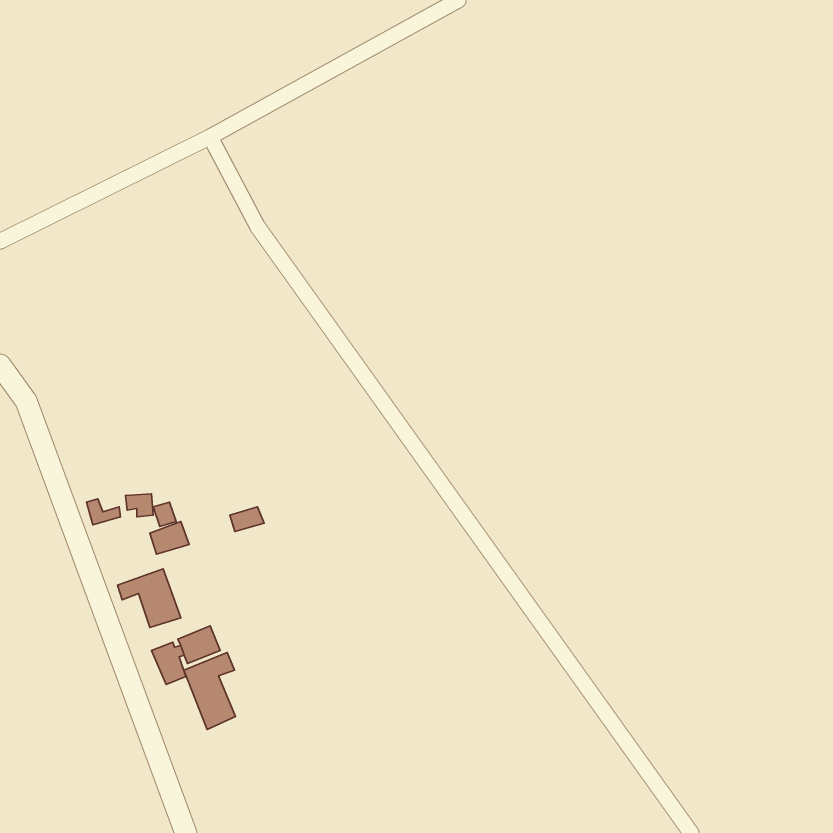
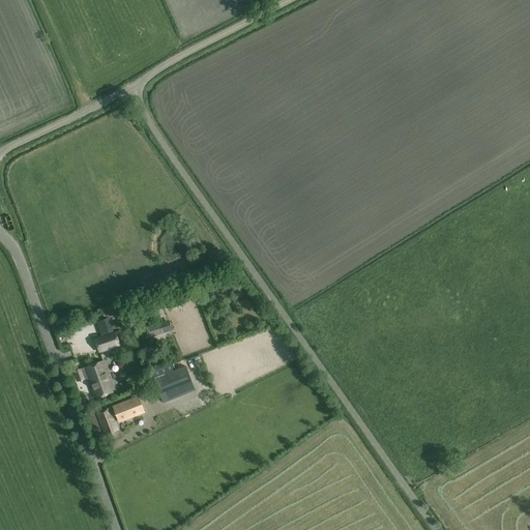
building: none -> [154,366,195,402]
building: [184,653,236,730] -> none

